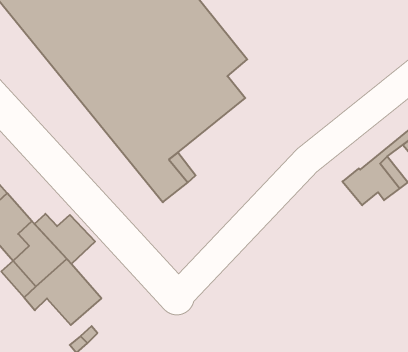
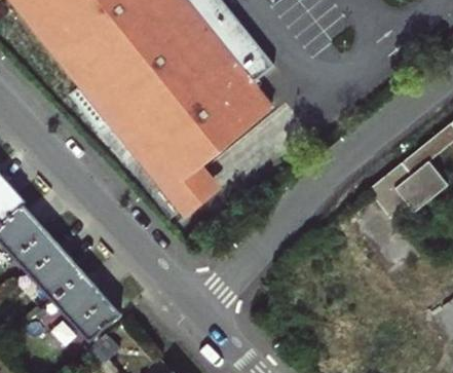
building: [34,214,95,264] -> none

